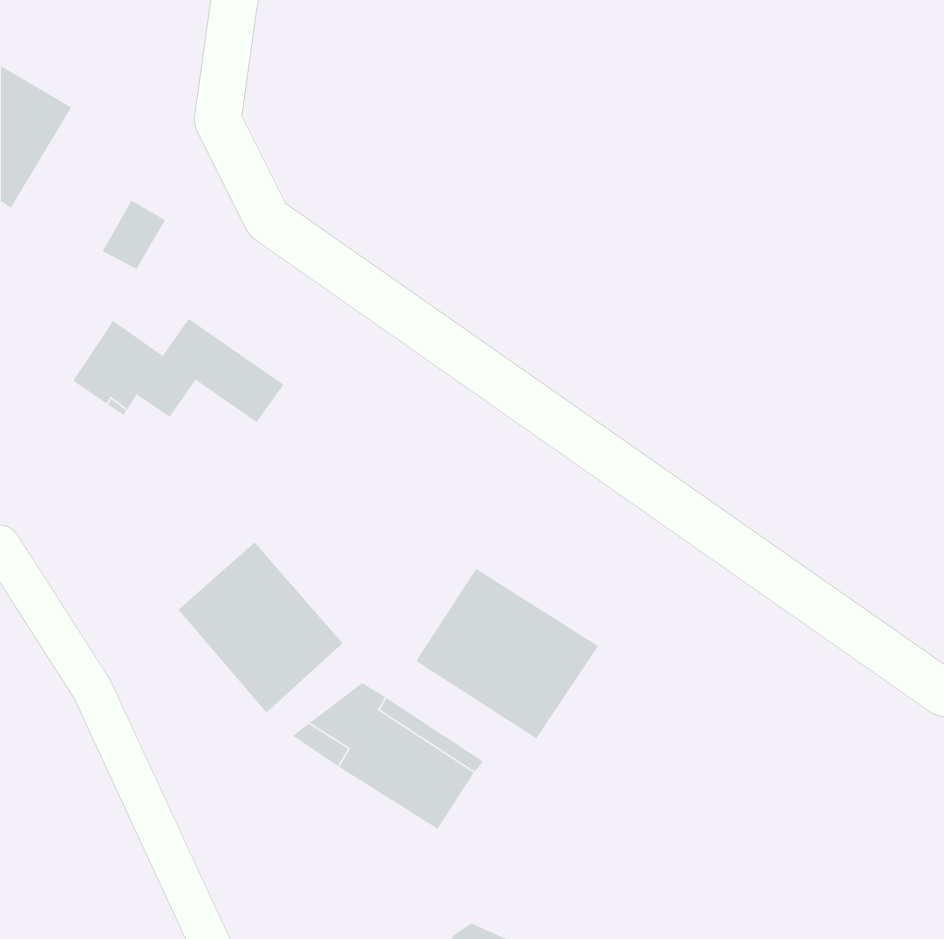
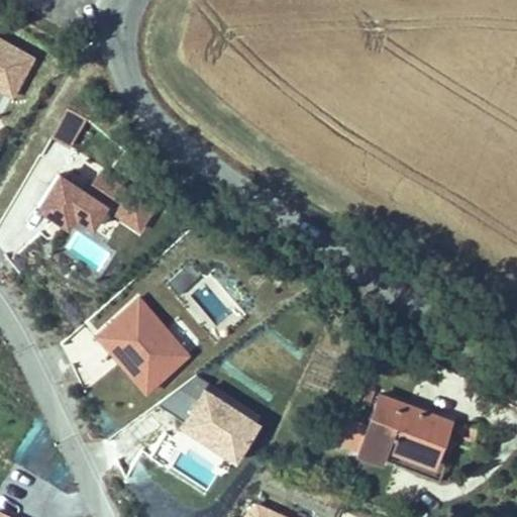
building: [415,568,599,740] -> none
building: none -> [351,394,448,472]

